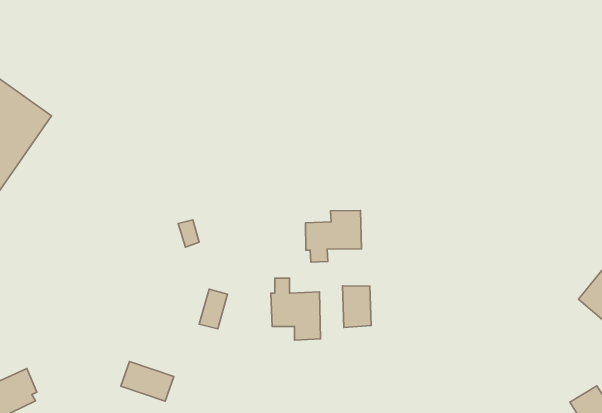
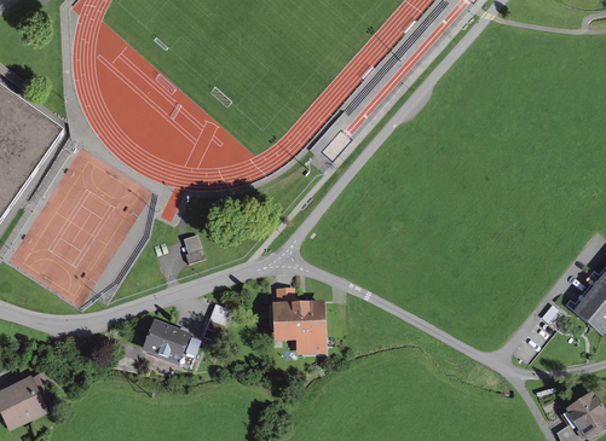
building: [306,210,362,262] -> none
building: [343,286,371,328] -> none
building: [121,361,174,401] -> [146,325,198,364]

